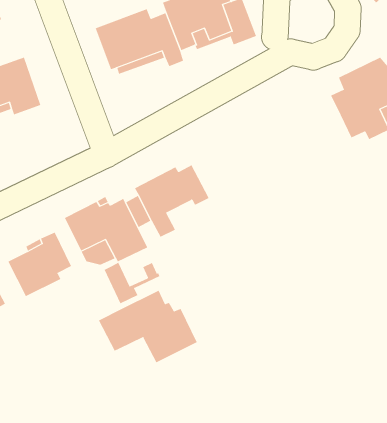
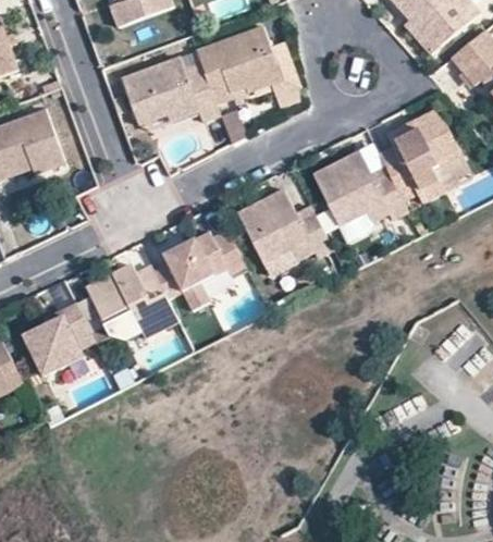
building: none -> [312,150,407,224]
building: none -> [236,189,331,263]
building: [104,262,160,304] -> none
building: [98,290,197,363] -> none

